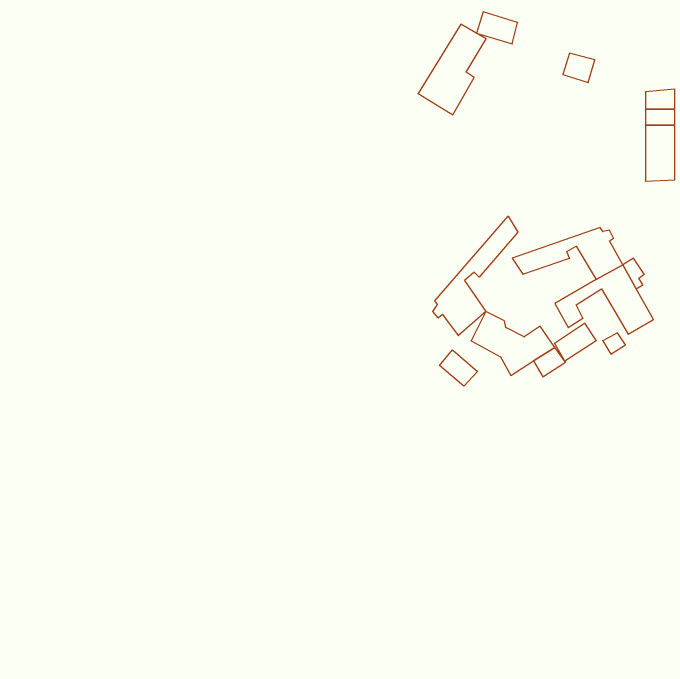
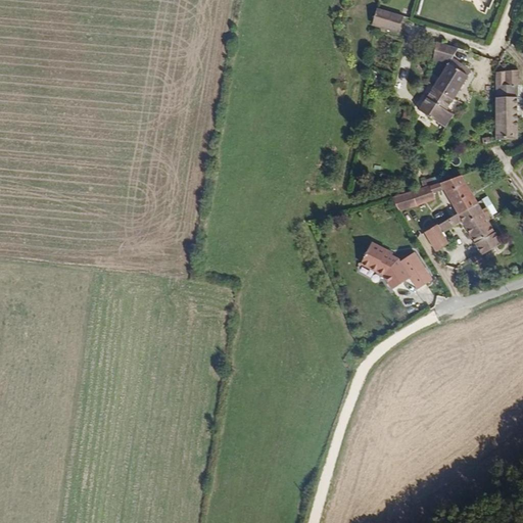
building: [418,24,486,115] -> [412,63,464,133]
building: [433,216,518,336] -> none
building: [554,323,596,361] -> none
building: [440,350,478,386] -> none

